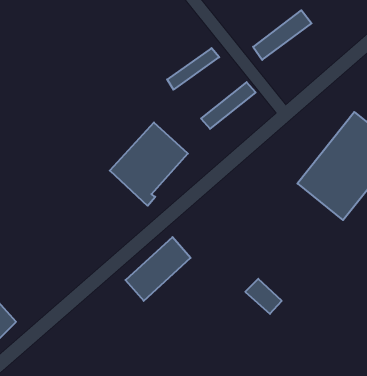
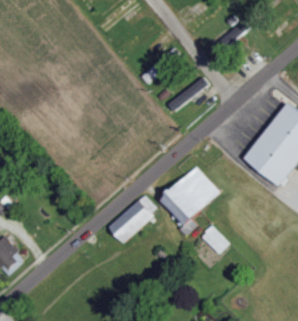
building: [110,122,188,206] -> [161,168,221,232]

